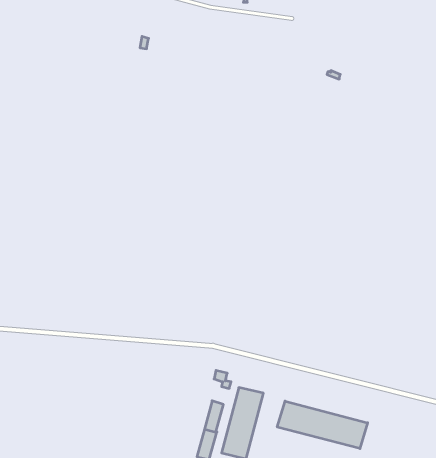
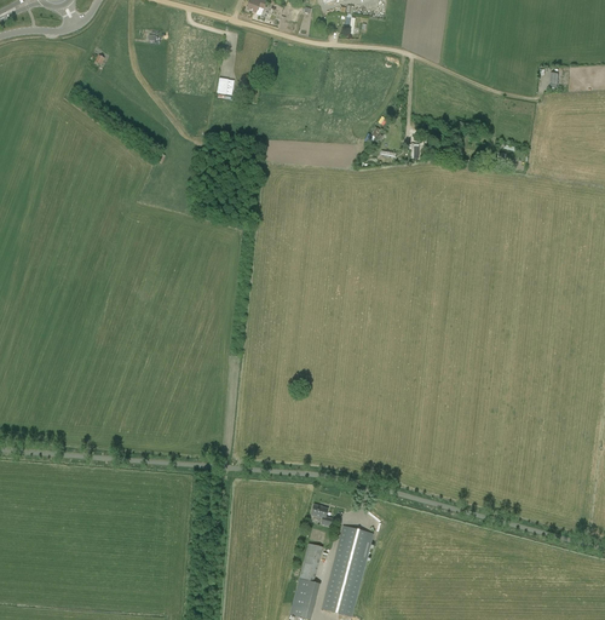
building: [277,401,368,449] -> none

